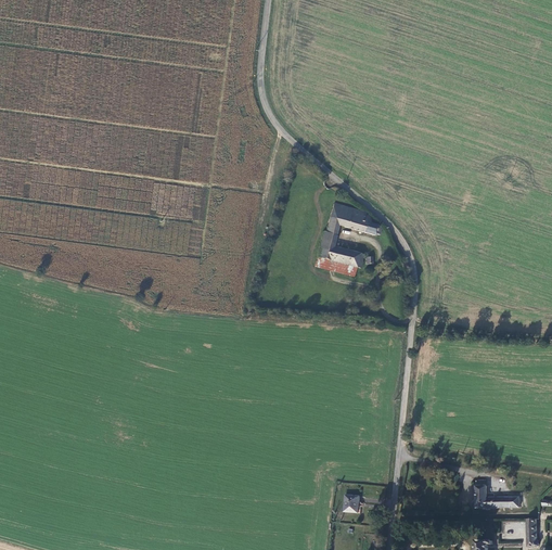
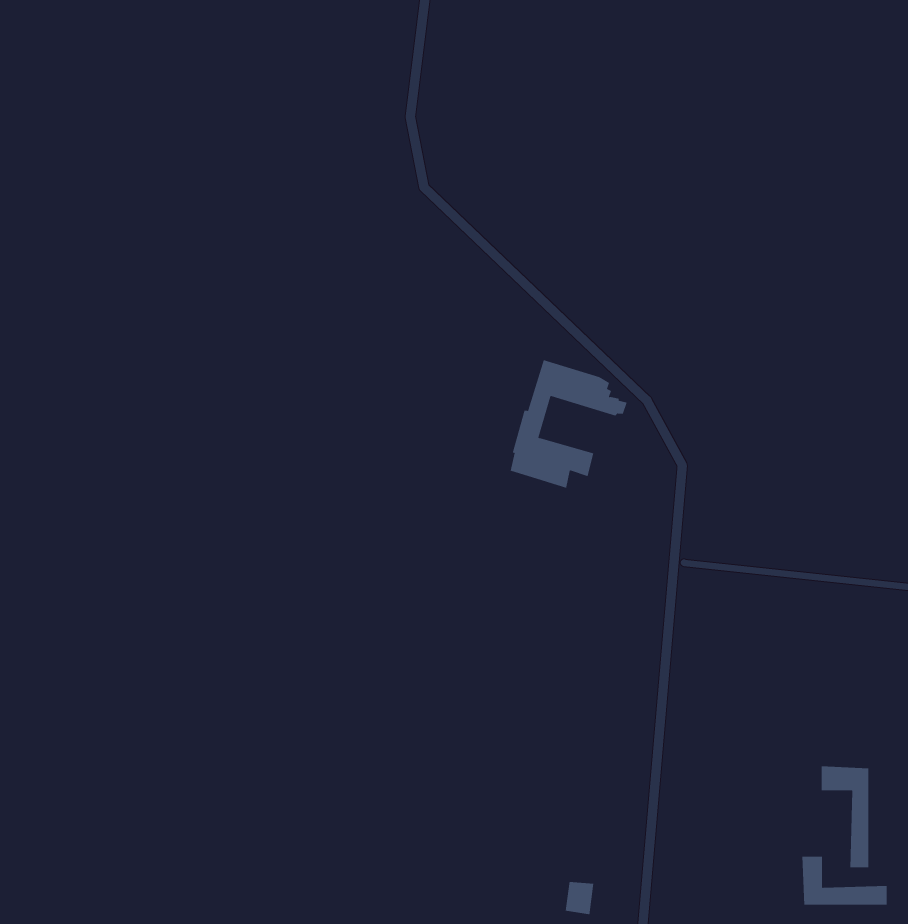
building: none -> [821,765,869,868]

